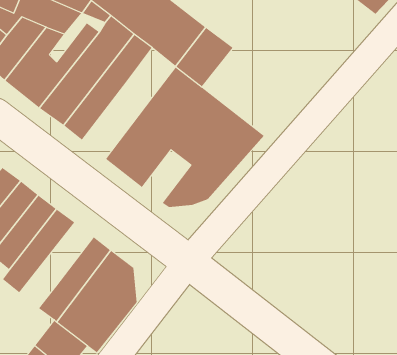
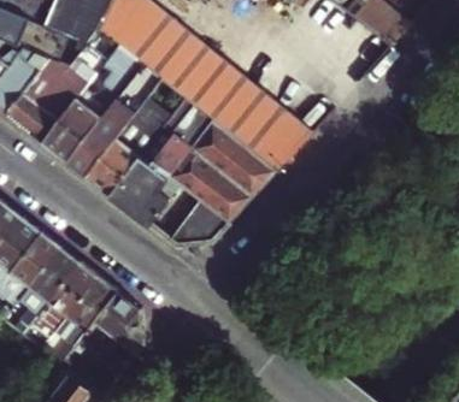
building: none -> [213,78,314,170]
building: none -> [88,112,160,194]
building: none -> [23,260,100,339]

